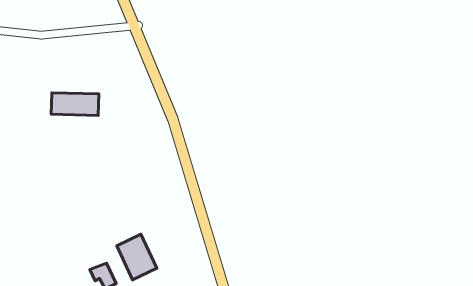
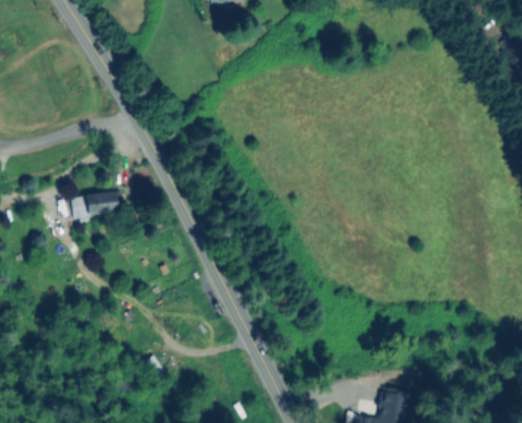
building: [117,234,157,280] -> none

